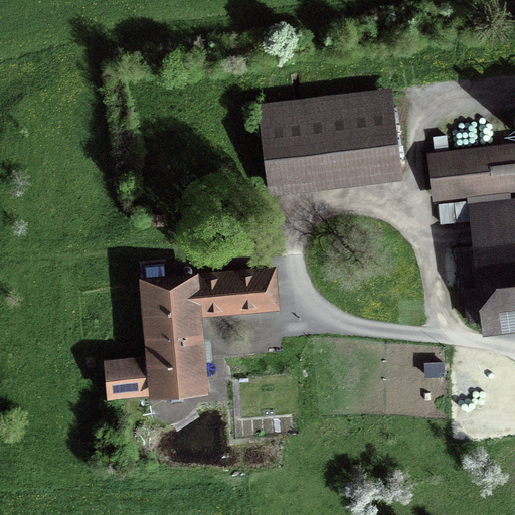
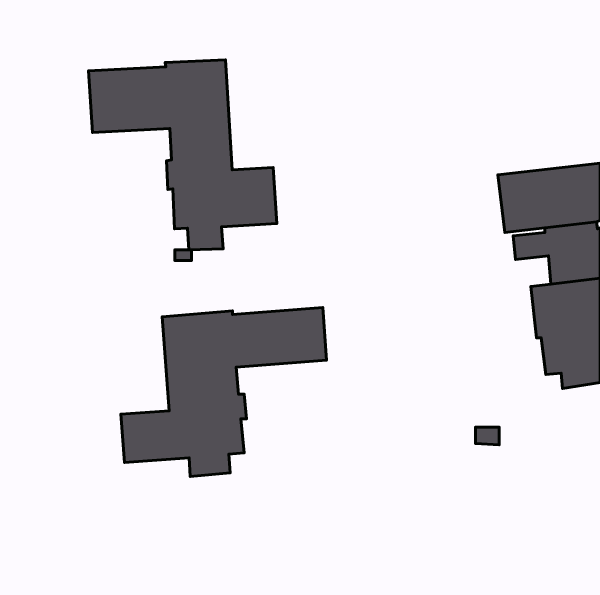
building: none -> [88,60,277,250]
building: [258,88,403,196] -> none

